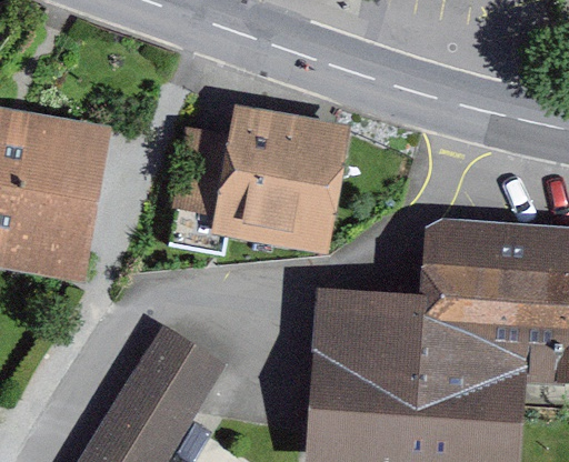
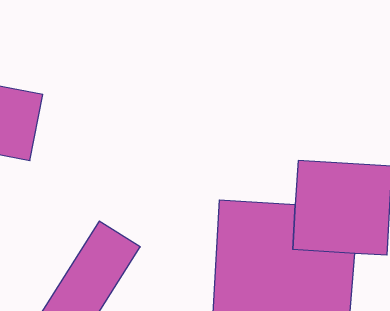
building: [176,127,333,231] -> none

